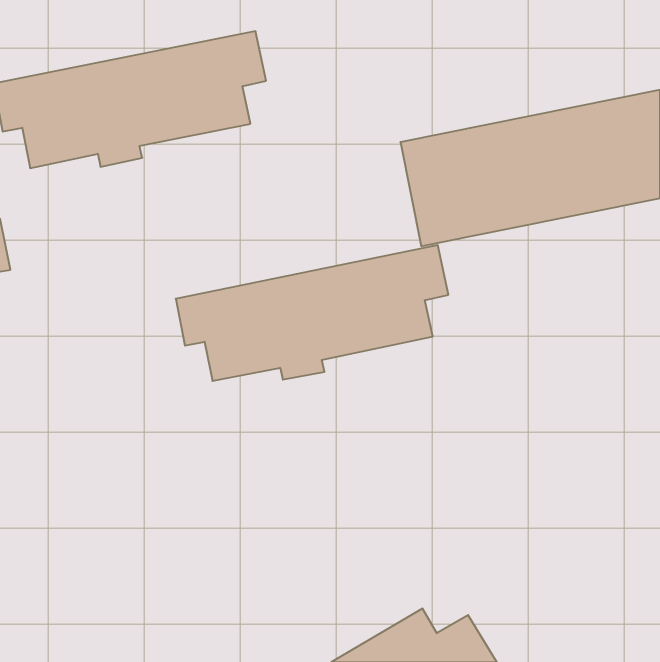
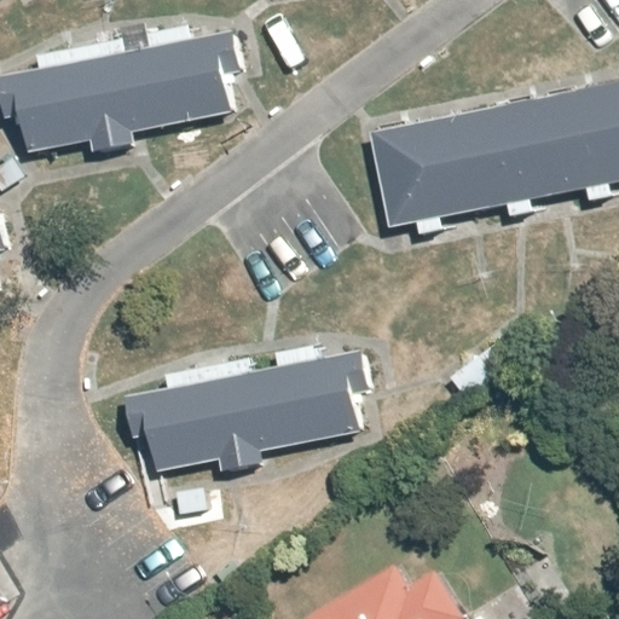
building: [176,245,448,381] -> [120,347,372,473]

